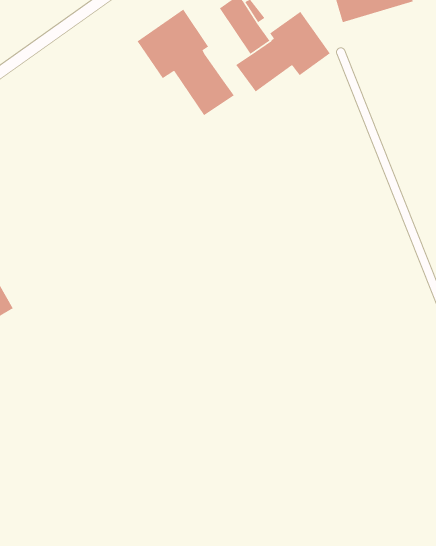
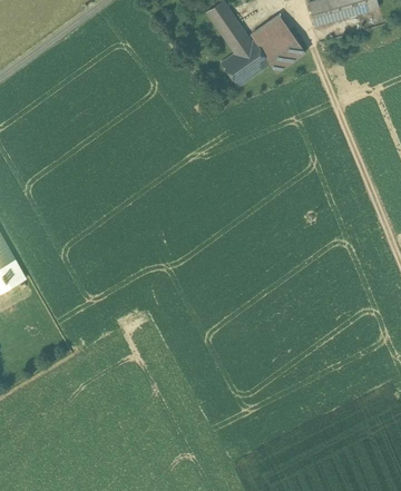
building: [137,9,235,116] -> none

